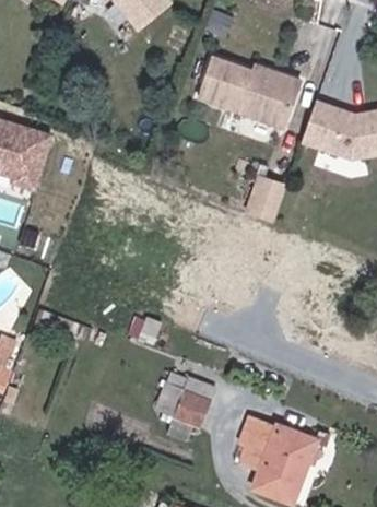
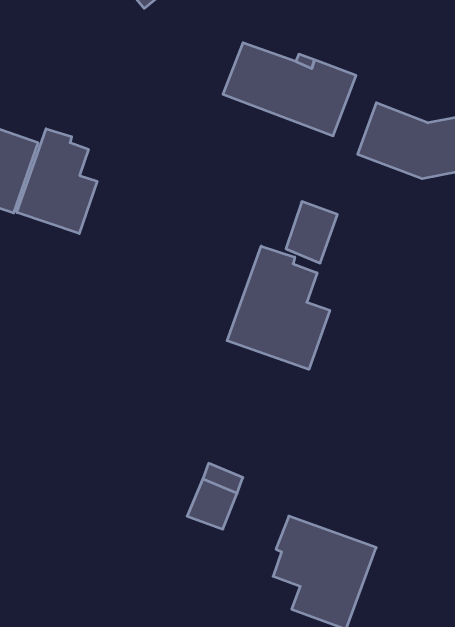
building: none -> [17,129,97,234]
building: none -> [227,246,330,369]

